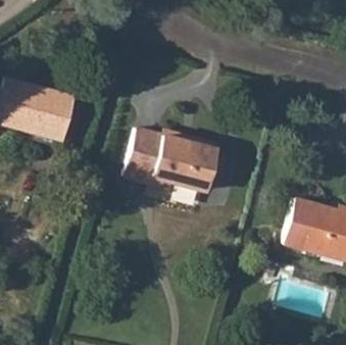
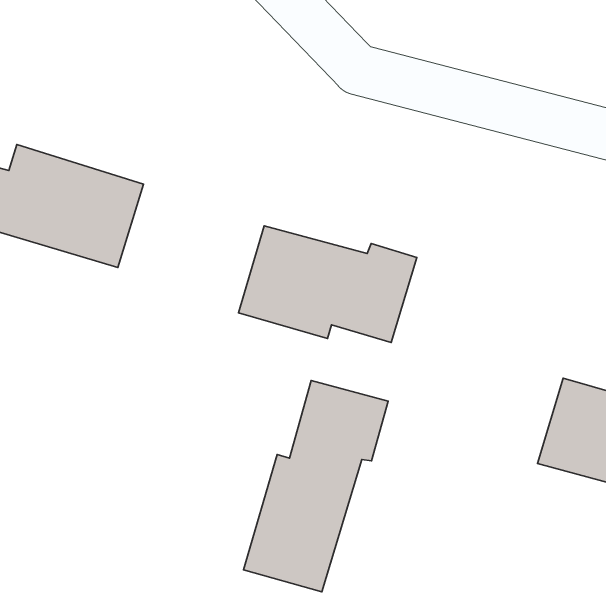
building: none -> [244,381,388,592]

